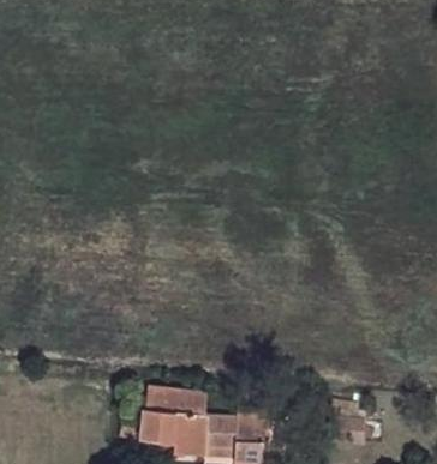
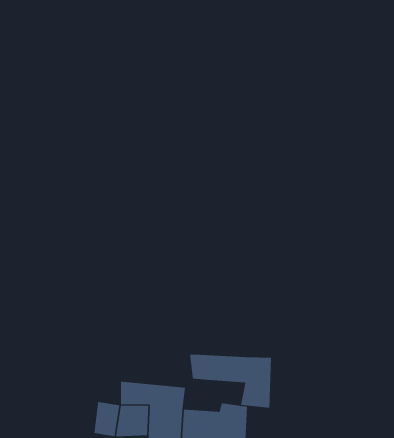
building: none -> [189,354,272,408]

